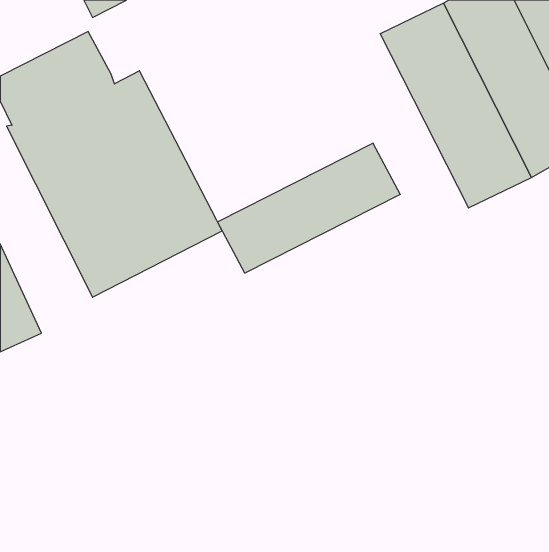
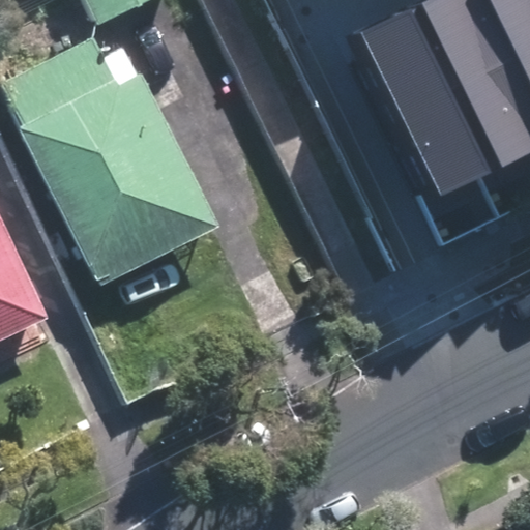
building: [217,143,400,273] -> none

